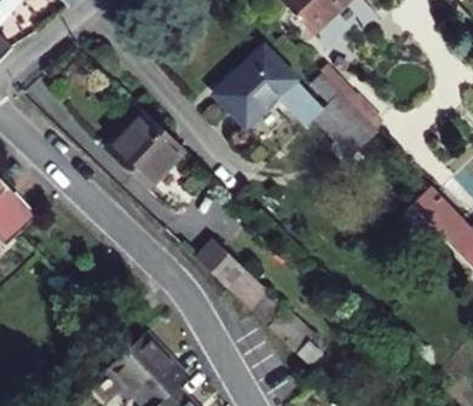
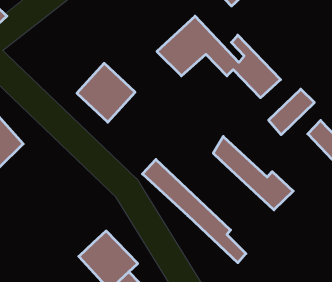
building: none -> [269,89,314,135]
building: none -> [213,136,293,210]

